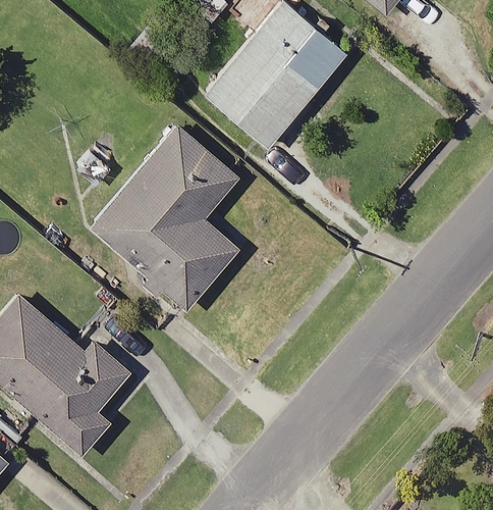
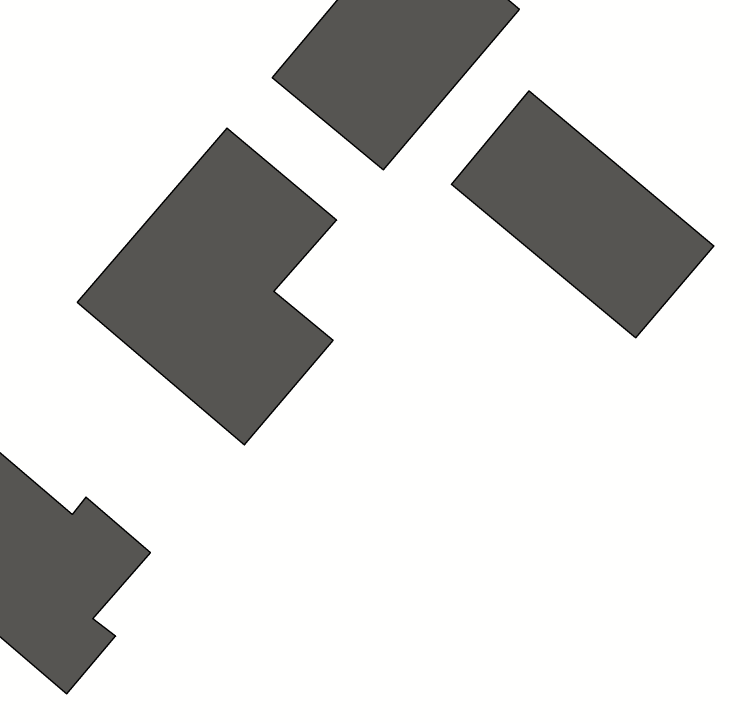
building: none -> [451,91,714,338]

